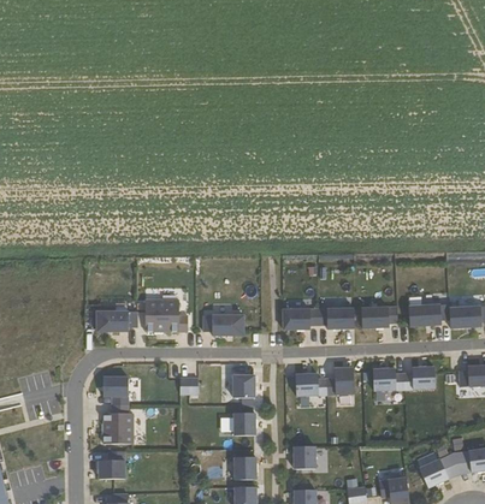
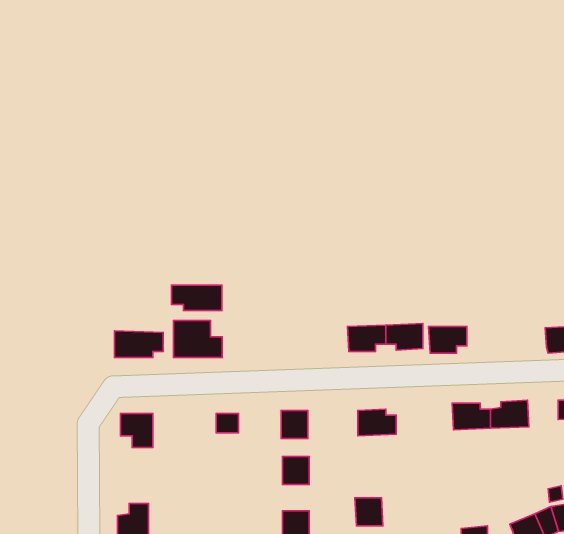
building: [408,307,449,330] -> none
building: [202,314,243,334] -> [172,285,222,310]
building: [326,367,354,393] -> none
building: [102,404,132,443] -> none

